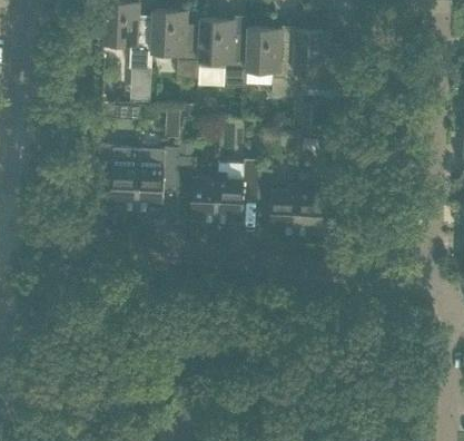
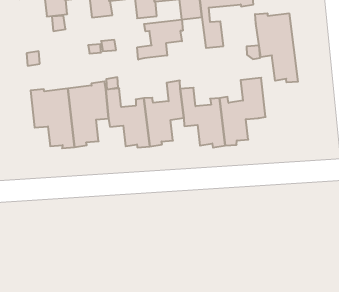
building: none -> [137,19,183,60]
building: none -> [255,13,298,82]

